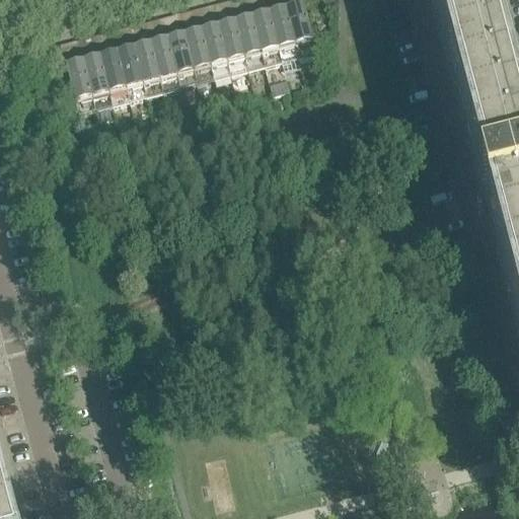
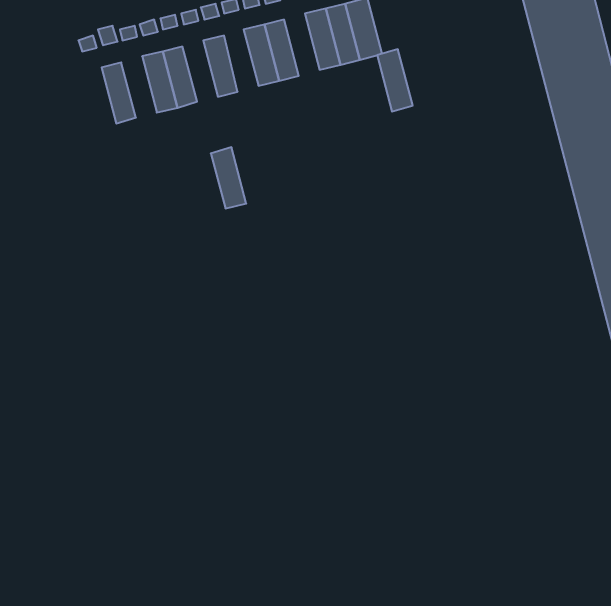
building: [247,11,277,63] -> [377,49,413,112]
building: [198,24,226,76] -> none
building: [163,33,193,84] -> [211,147,246,208]
building: [113,47,142,97] -> none
building: [79,56,108,106] -> none

